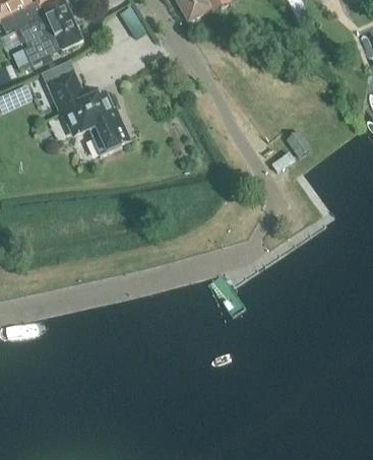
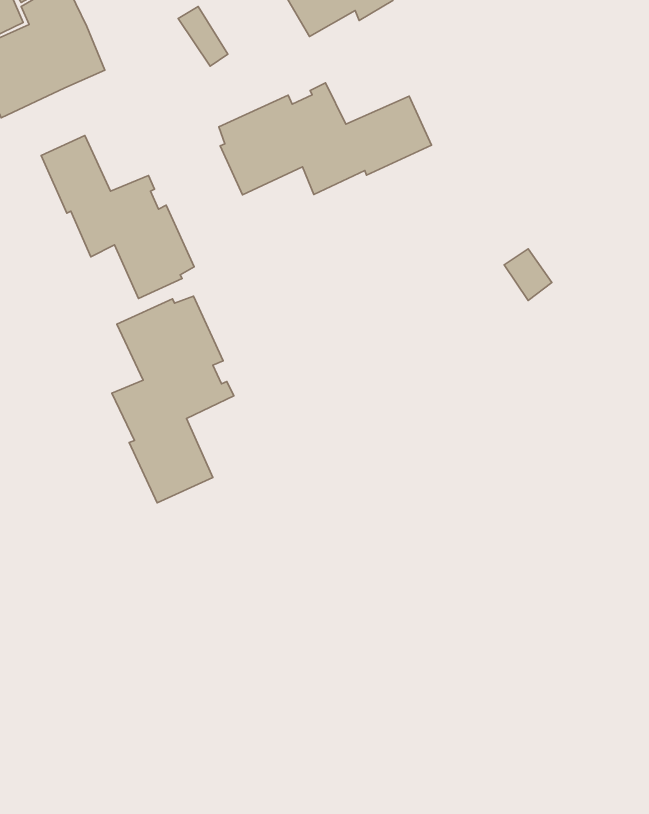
building: none -> [219,83,431,195]
building: none -> [112,296,234,503]

